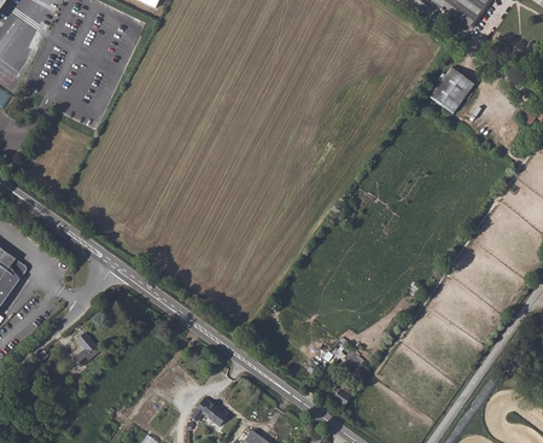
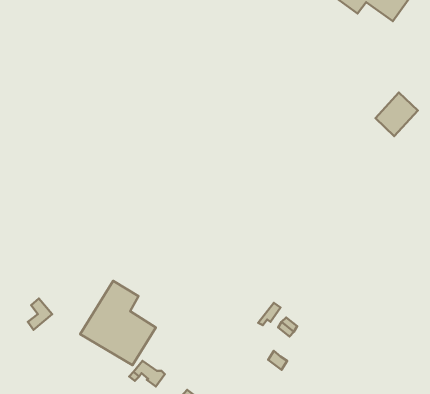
building: [430,68,475,115] -> [375,93,418,136]
building: none -> [80,281,156,365]

